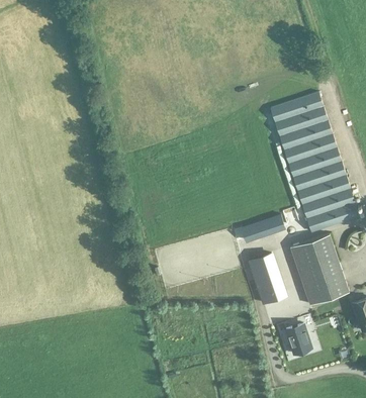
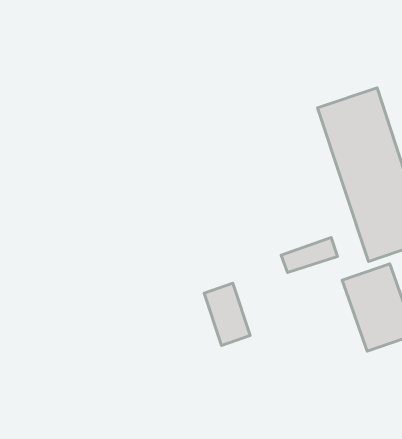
building: [251,253,288,303] -> [204,283,250,346]
building: [286,323,311,355] -> none

